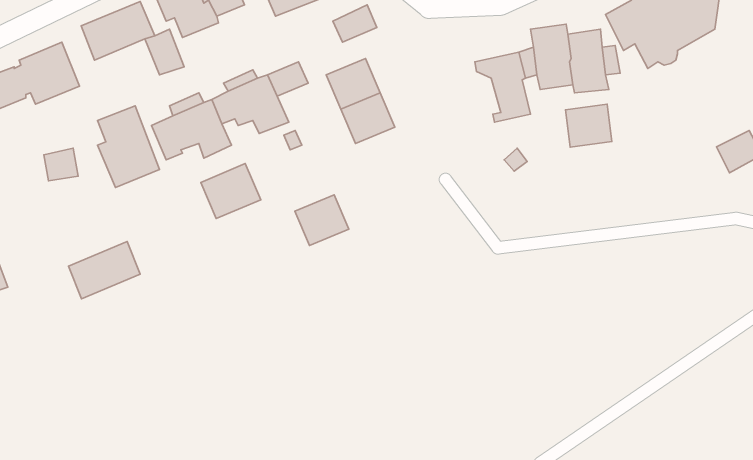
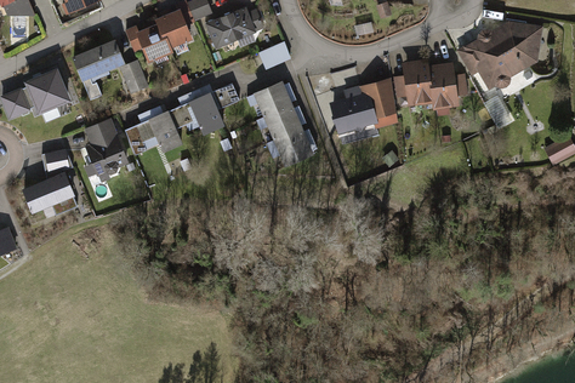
building: none -> [331,88,382,132]
building: [566,104,612,147] -> none
building: [201,164,261,218] -> none
building: [295,195,349,245] -> [274,132,314,170]
building: [68,242,140,299] -> [21,172,74,215]

